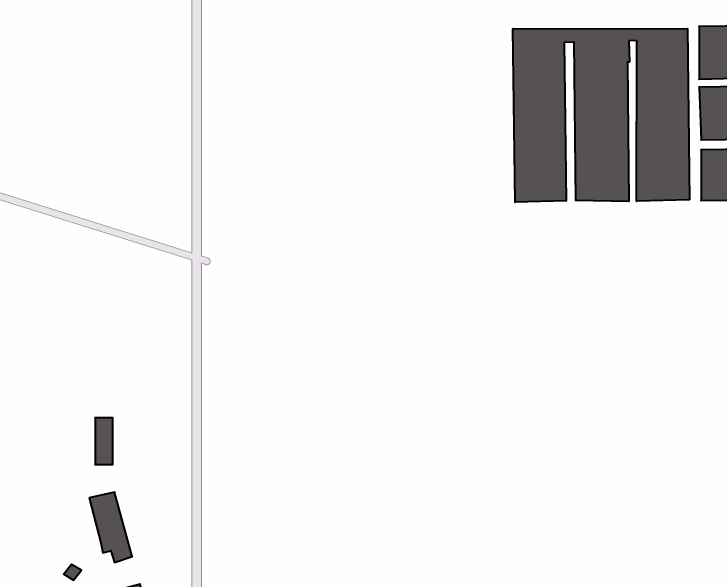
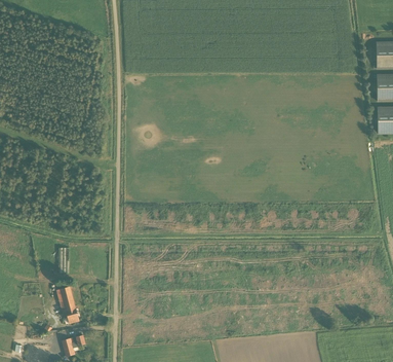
building: [513,29,689,202] -> none

